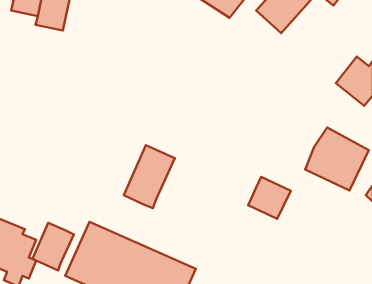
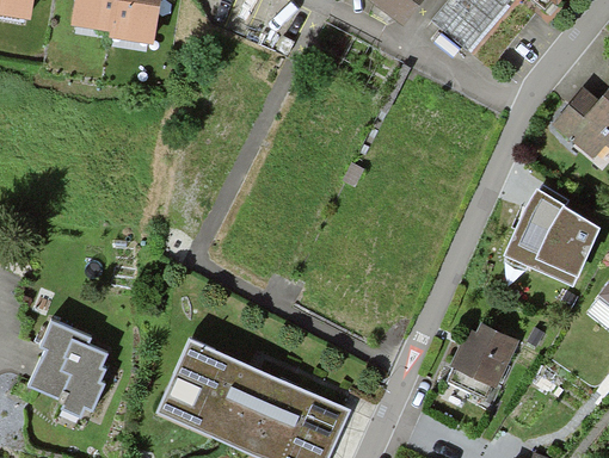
building: [124,145,175,208] -> none
building: [248,177,291,219] -> [457,326,521,388]
building: [32,223,74,271] -> none

